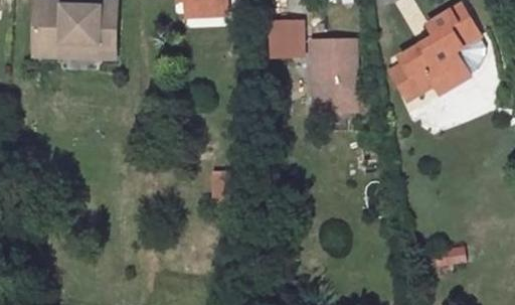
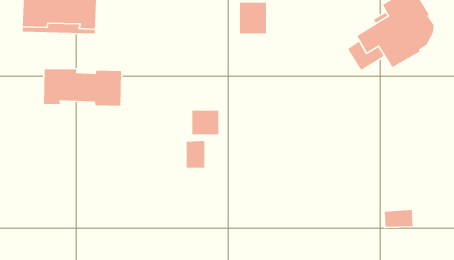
building: [312,38,356,111] -> none
building: none -> [43,68,122,107]
building: none -> [191,110,219,135]

